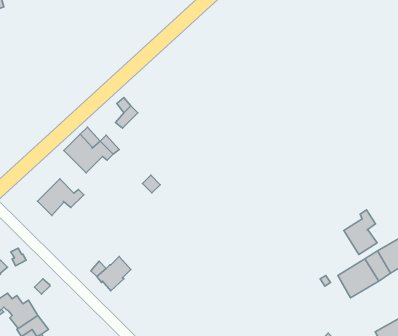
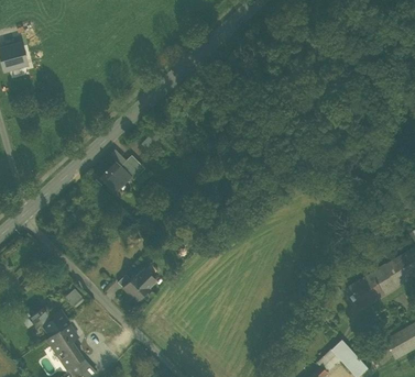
building: [38,179,84,215] -> none
building: [344,210,377,255] -> none

